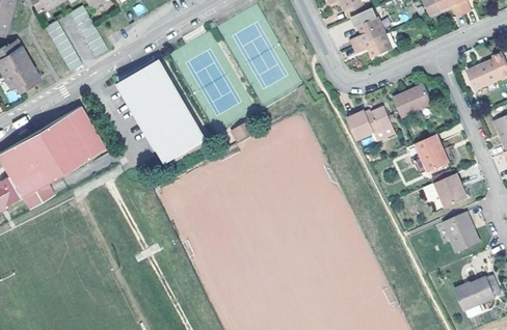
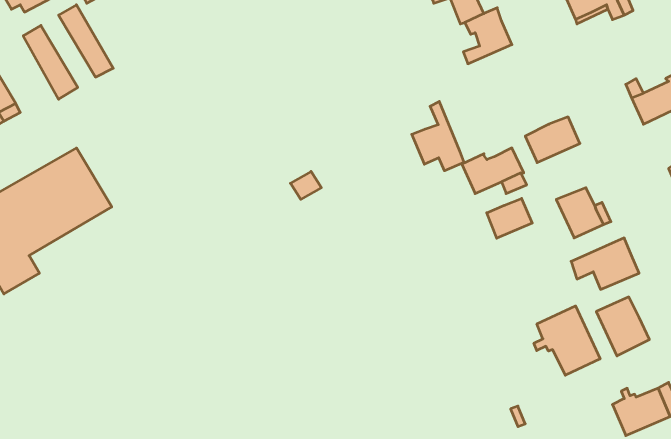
building: [353,33,391,57] -> none
building: [117,58,206,162] -> none
building: none -> [412,101,464,171]
building: none -> [487,198,532,238]
building: none -> [534,306,600,375]

